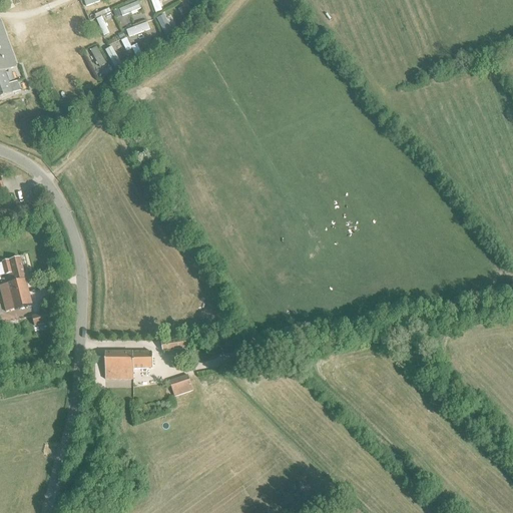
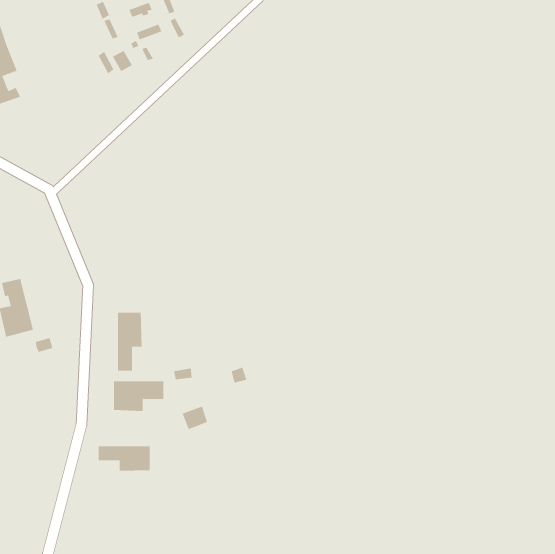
building: none -> [117,312,142,372]
building: none -> [98,445,150,472]

